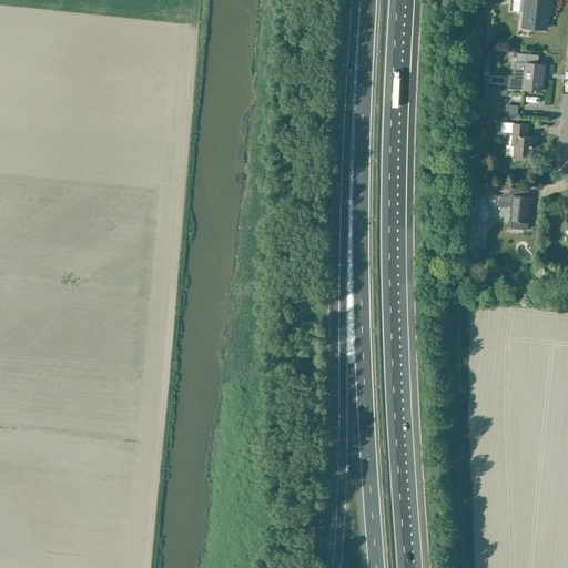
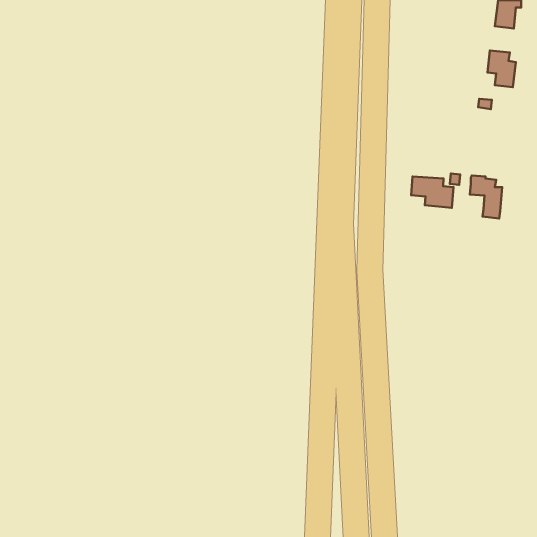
building: [501,122,537,158] -> none
building: none -> [411,176,454,208]

